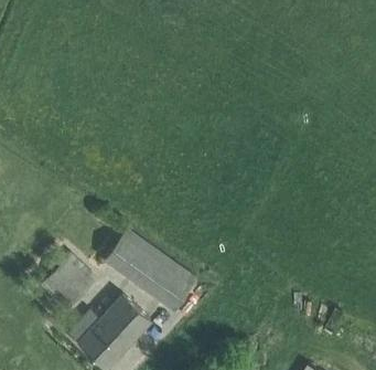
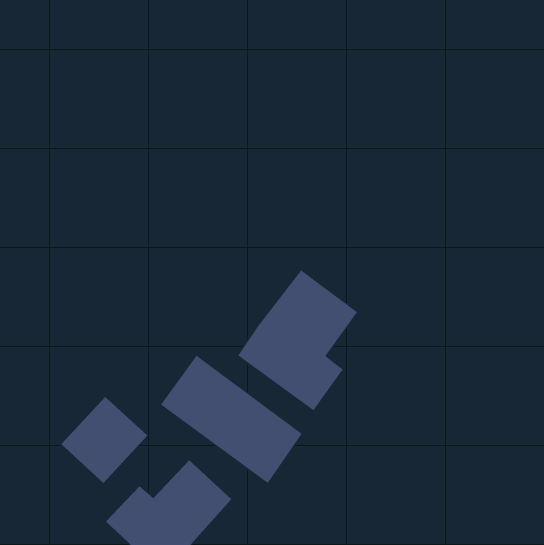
building: none -> [238,270,358,411]

